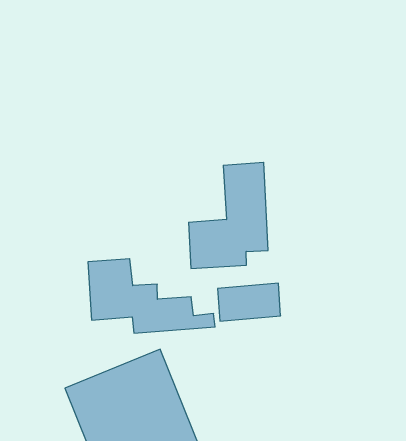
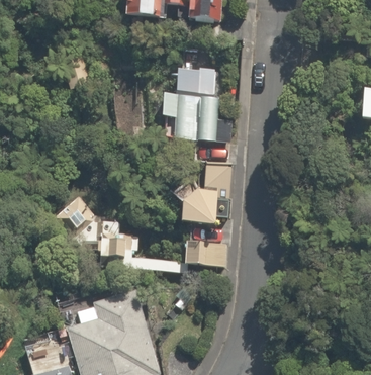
building: none -> [151,65,218,143]

